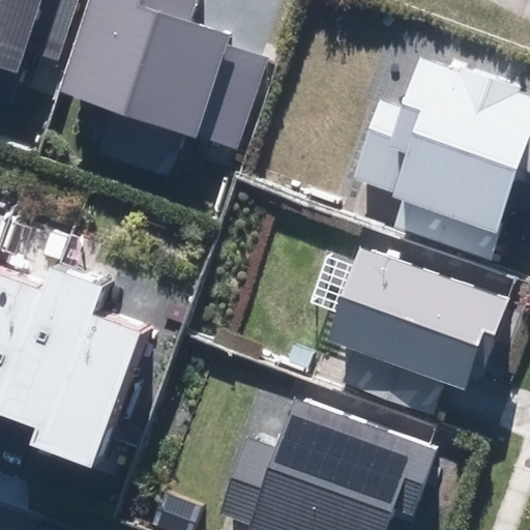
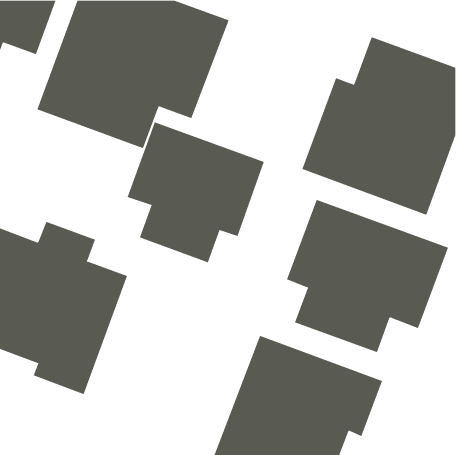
building: none -> [127,121,265,263]

